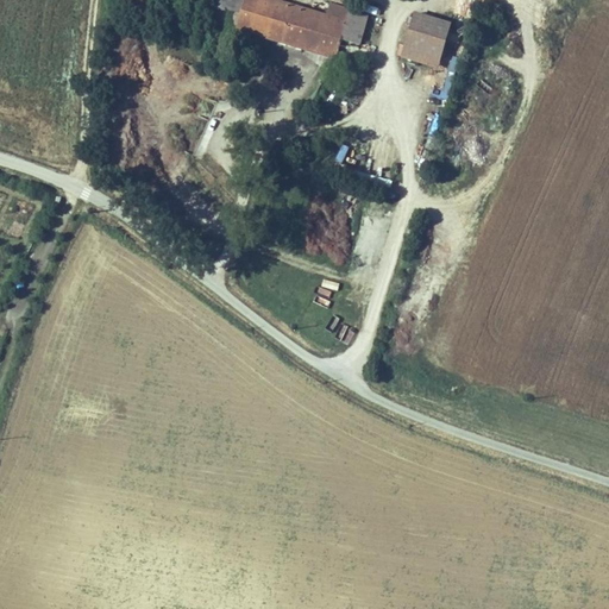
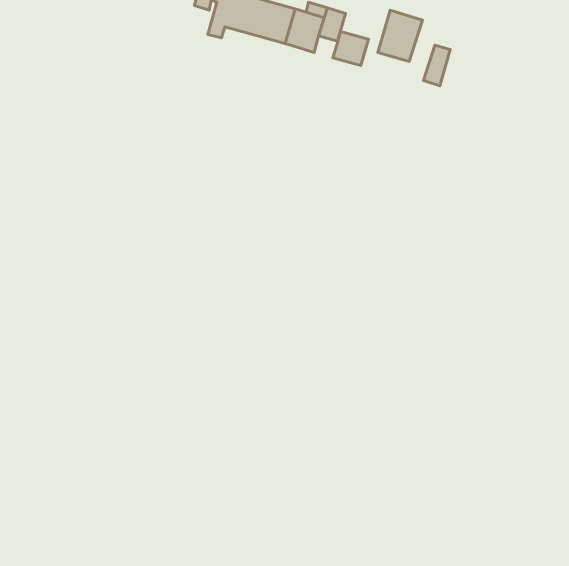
building: none -> [333,31,368,66]
building: none -> [423,45,450,86]

